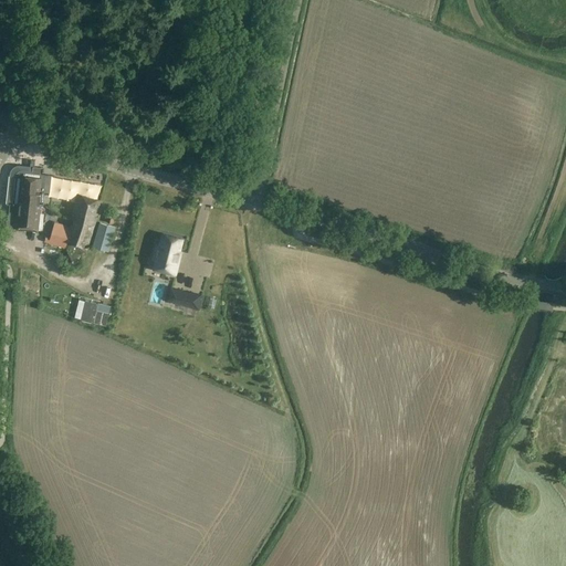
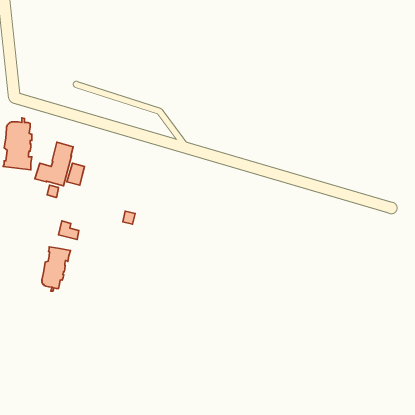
building: [153,234,180,274] -> none
building: none -> [42,247,71,291]

